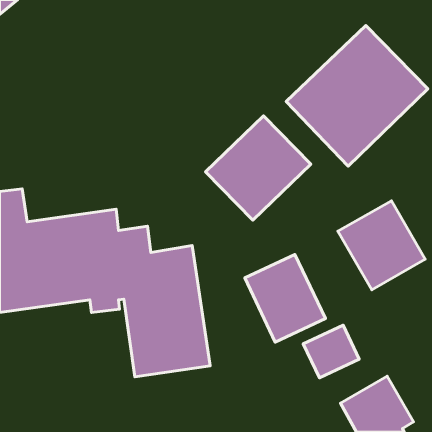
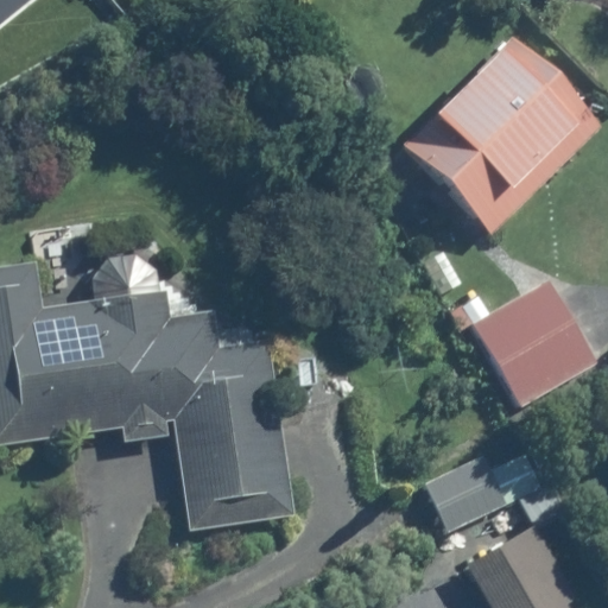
building: [205,116,311,220] -> none
building: [245,254,325,342] -> none

